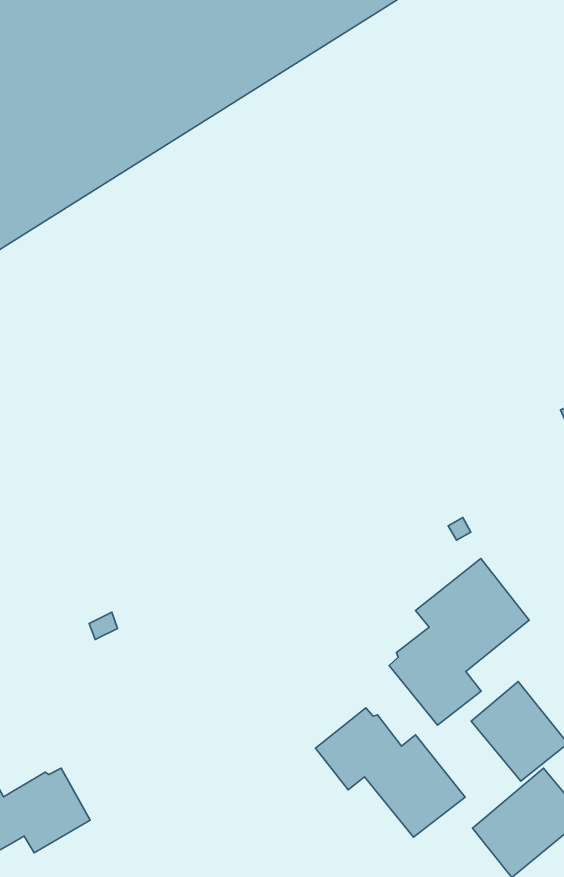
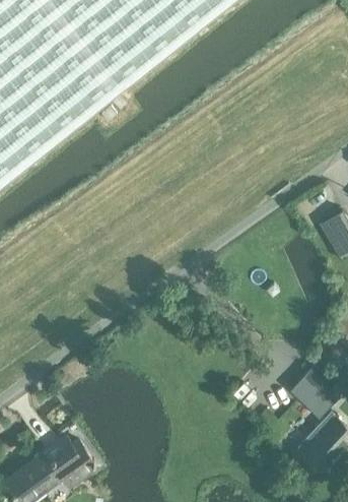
building: [389,558,529,725] -> none
building: [316,708,465,837] -> none

